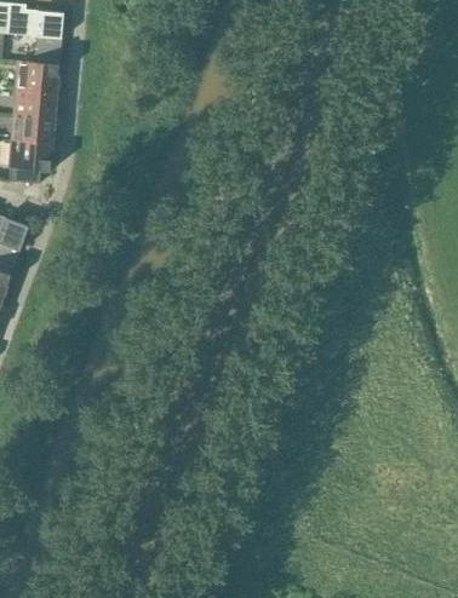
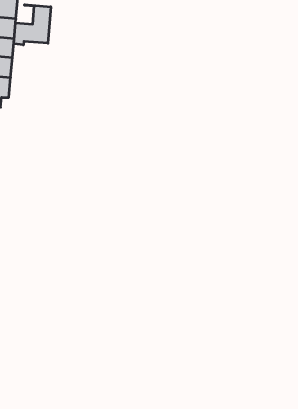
building: none -> [14,5,51,45]

